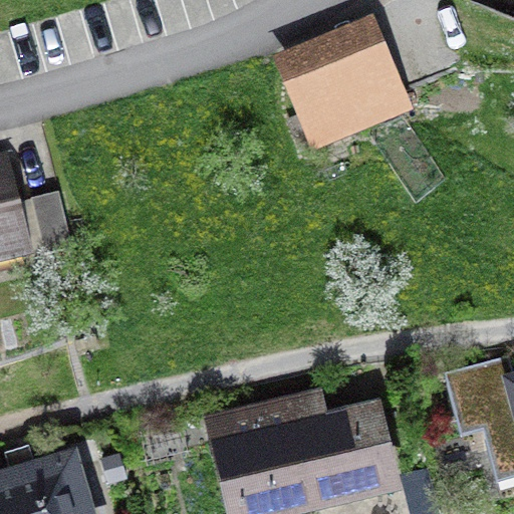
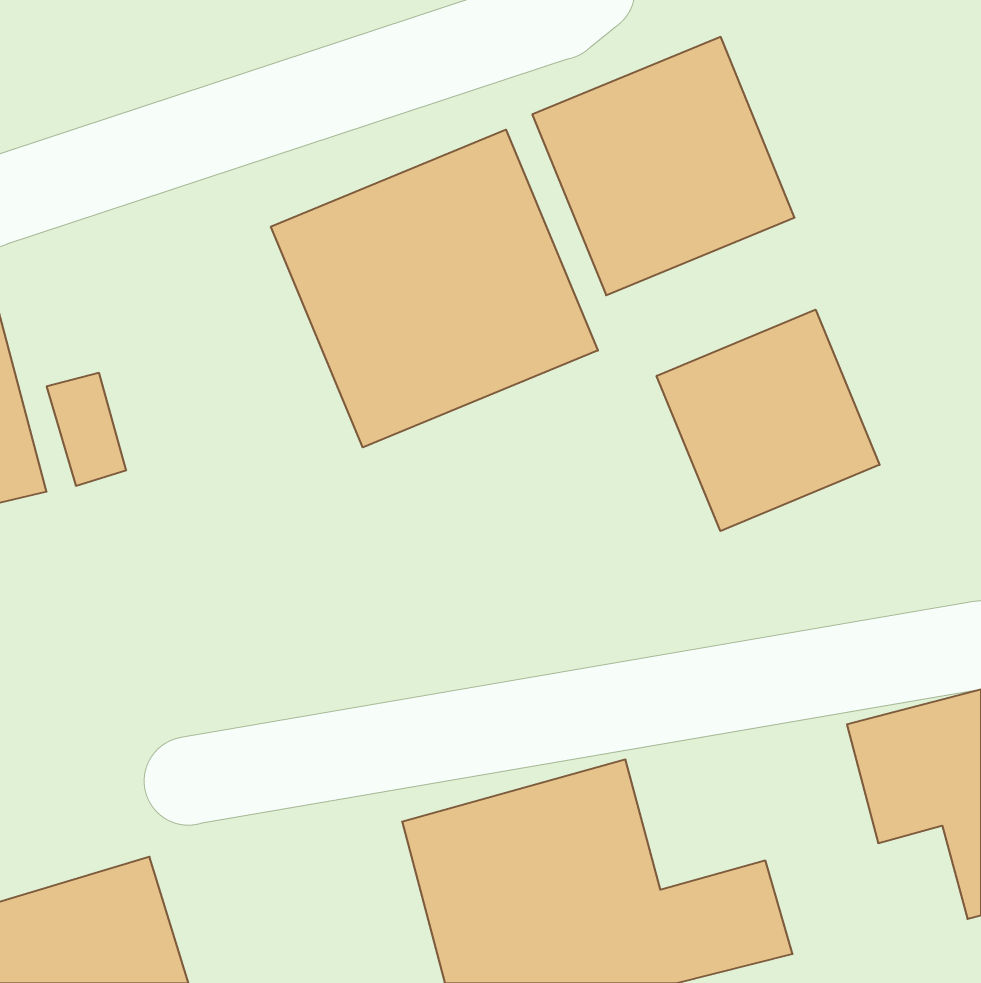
building: none -> [271,130,598,447]
building: none -> [657,310,880,531]

